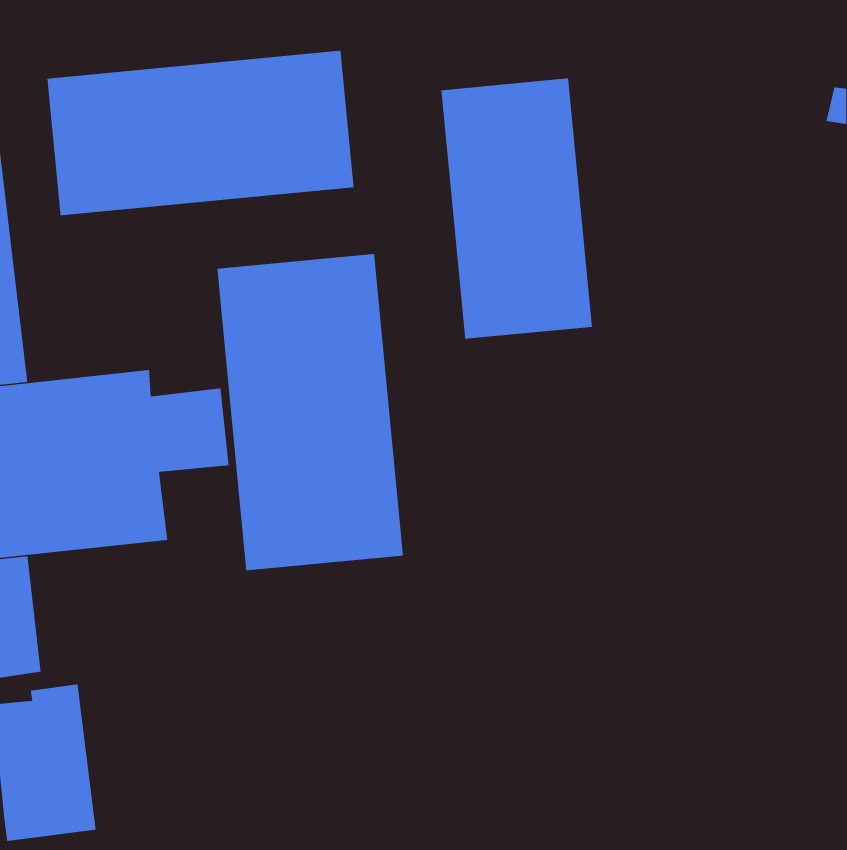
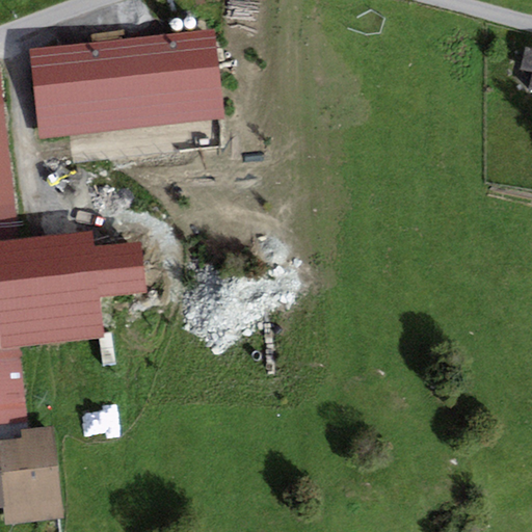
building: [440,77,593,340] -> none
building: [216,253,404,571] -> none

